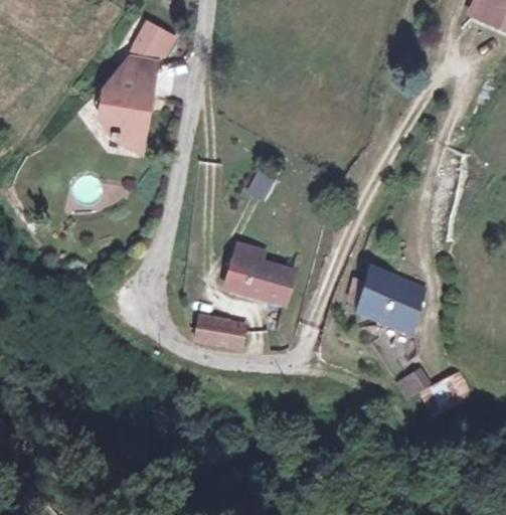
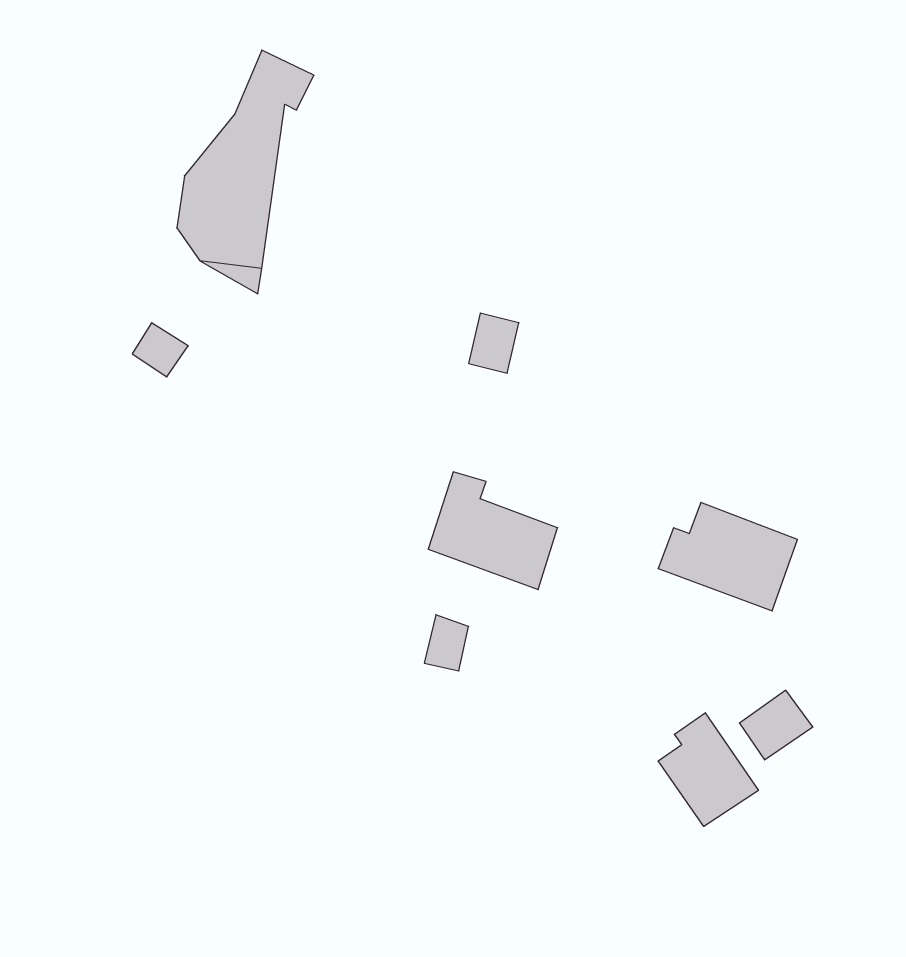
building: [196,313,232,347] -> none
building: none -> [658,713,758,826]

